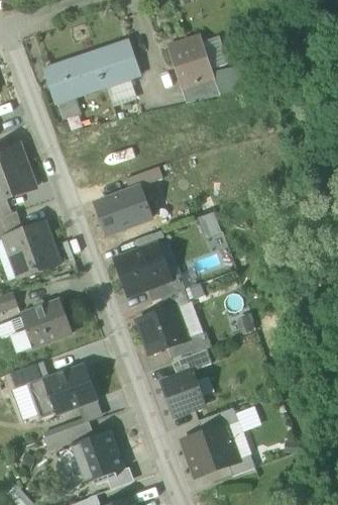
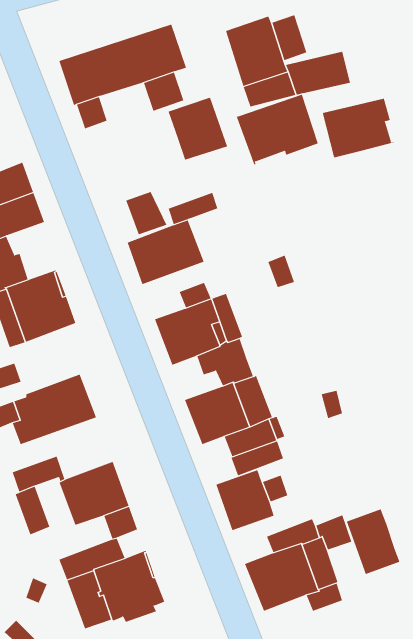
building: none -> [236,94,319,165]
building: none -> [168,96,228,161]
building: none -> [322,98,395,158]
building: none -> [126,191,167,235]
building: [27,376,57,417] -> none
building: none -> [346,509,400,575]

